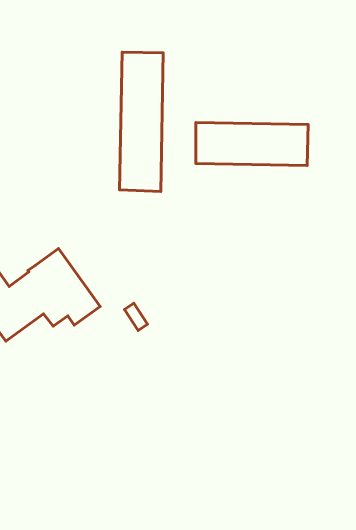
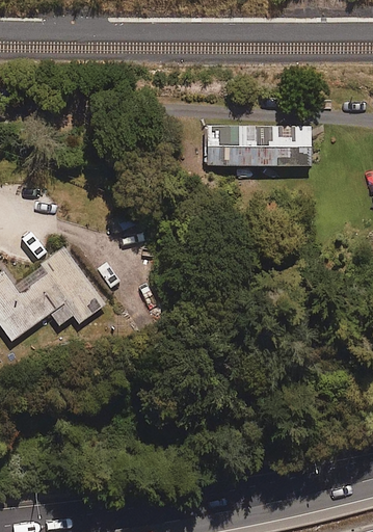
building: [120,52,163,191] -> none

